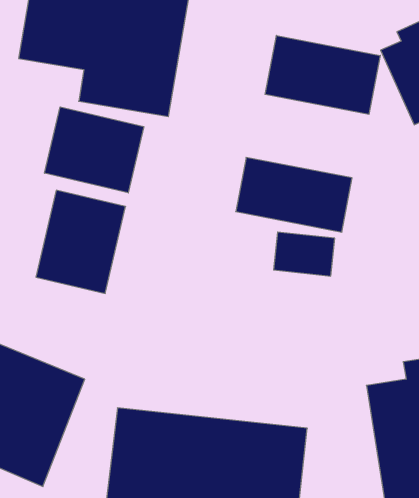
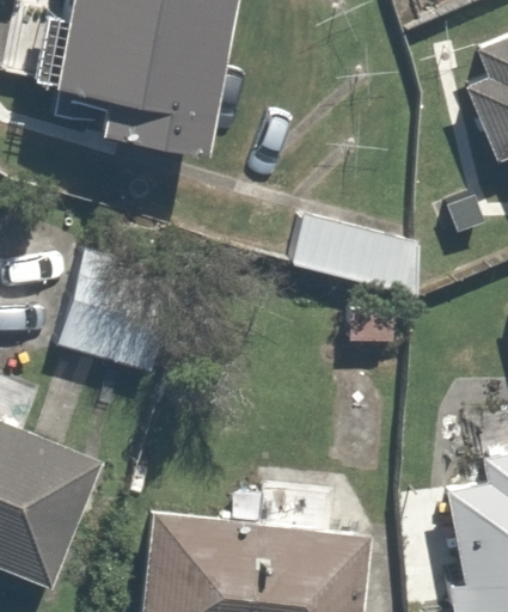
building: [265,35,380,114] -> none
building: [45,107,144,193] -> none

